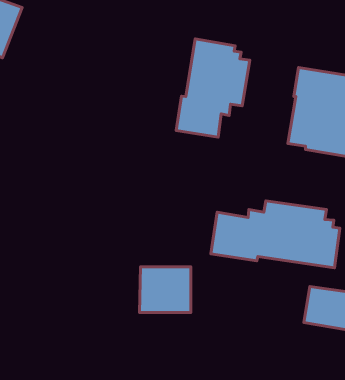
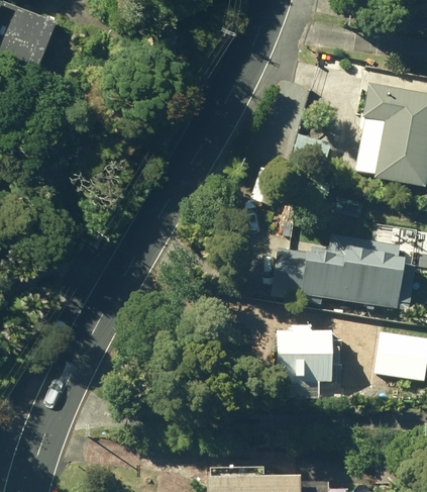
building: [176,39,250,137] -> none
building: [140,267,191,313] -> [274,328,332,381]

